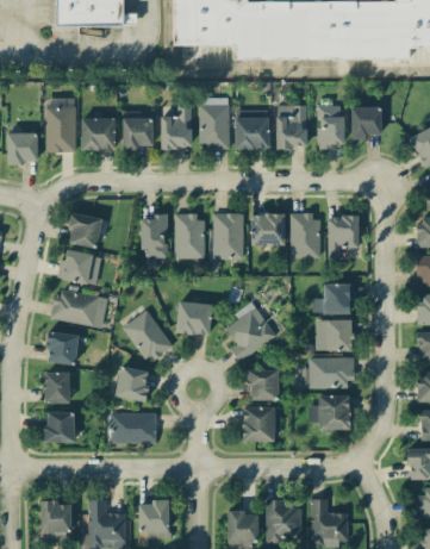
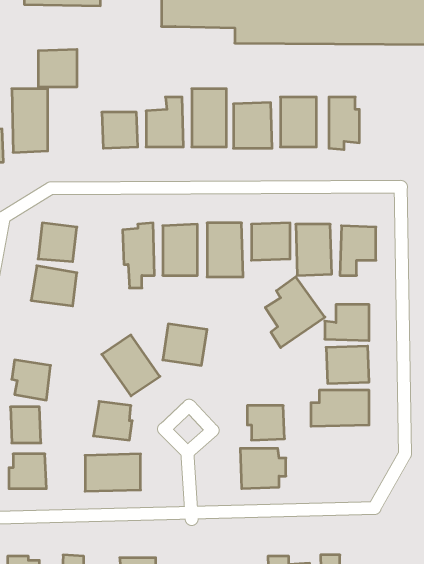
building: [351,106,382,139] -> none
building: [82,118,116,150] -> [38,49,77,87]
building: [54,291,107,326] -> none
building: [226,301,278,362] -> [265,277,325,348]
building: [310,395,350,430] -> none

